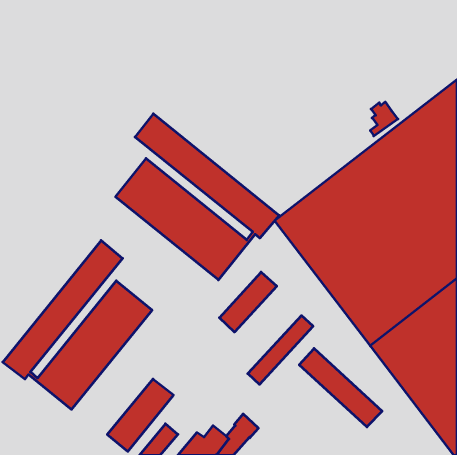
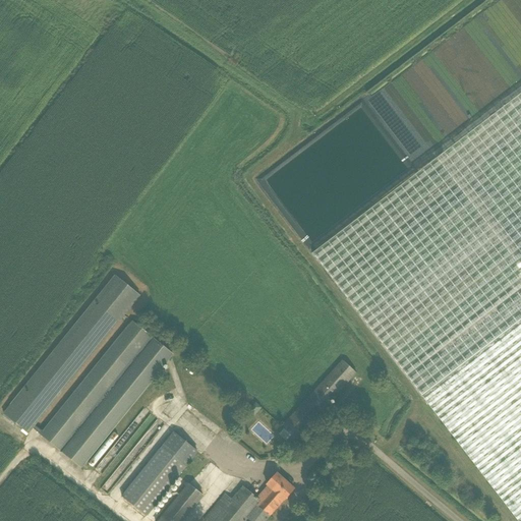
building: [116,114,279,280] -> none
building: [219,272,277,332] -> none
building: [299,348,382,427] -> none

